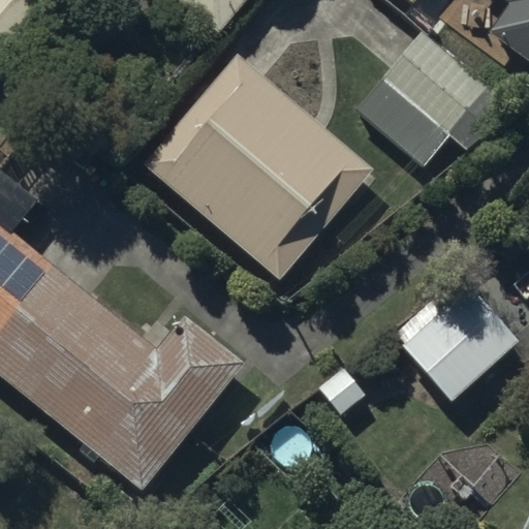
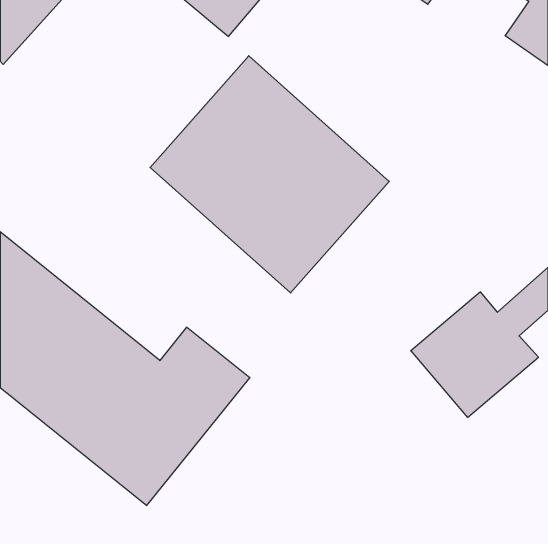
building: [353,31,503,167] -> none

